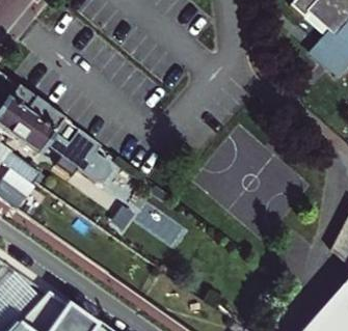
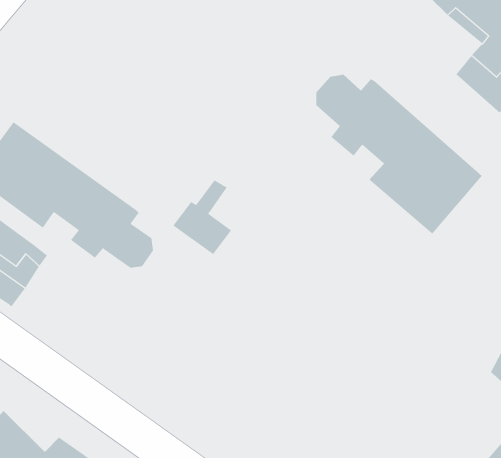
building: none -> [316,74,483,234]
building: none -> [173,179,232,255]

